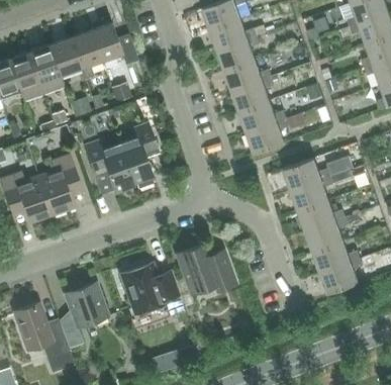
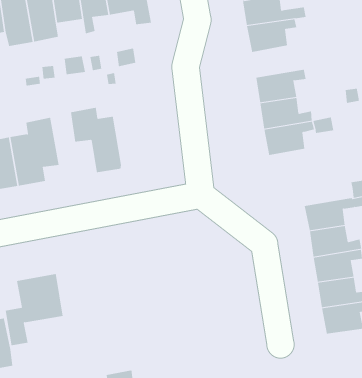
building: [224,60,271,91] -> none
building: [119,123,157,188] -> none
building: [283,158,329,190] -> none
building: [176,244,234,294] -> none
building: [119,263,183,316] -> none

